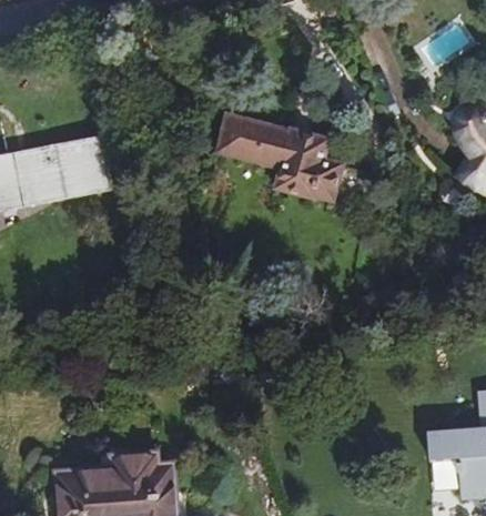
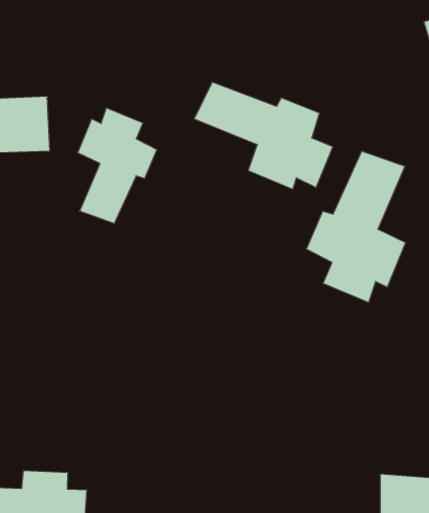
building: none -> [78,108,157,224]
building: none -> [306,151,406,302]

